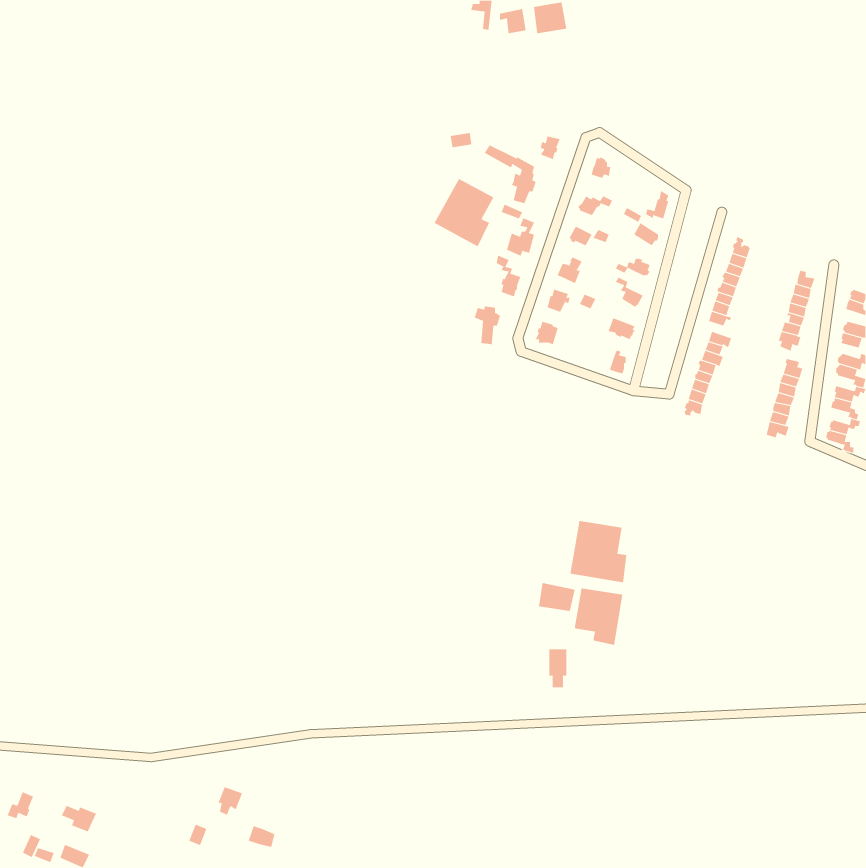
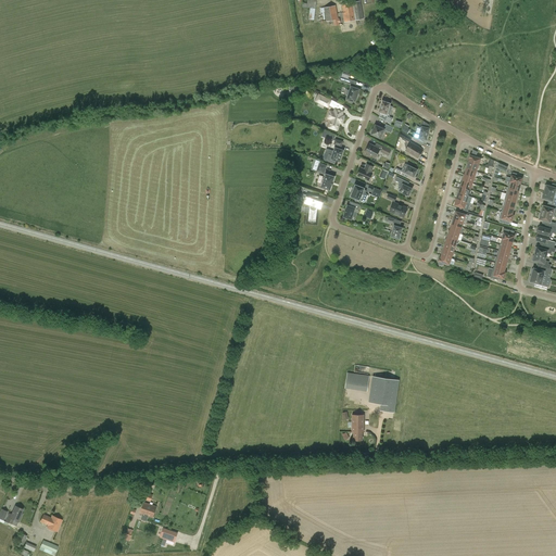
building: [434,178,494,247] -> none
building: [570,520,627,583] -> none

